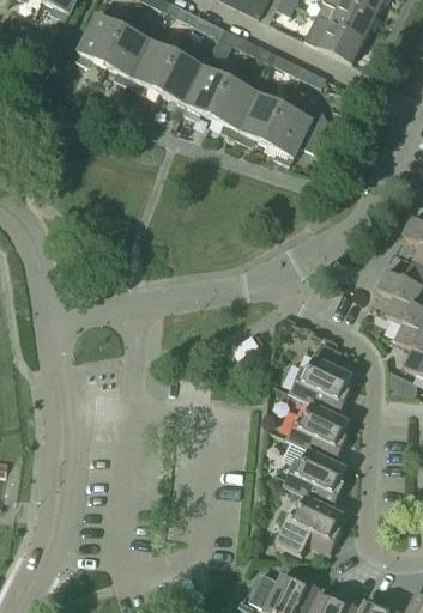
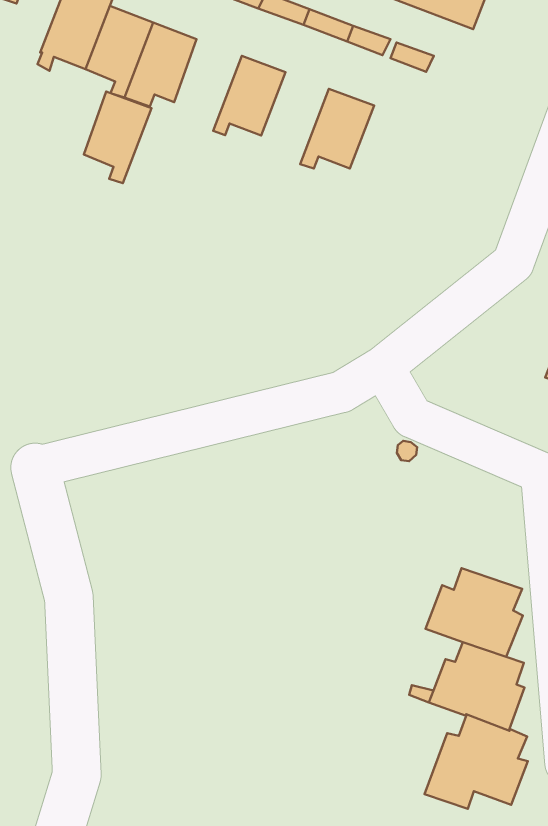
building: [159,53,205,111] -> [84,92,152,183]
building: [212,79,258,138] -> none
building: [266,103,327,164] -> none
building: [289,340,351,414] -> none

